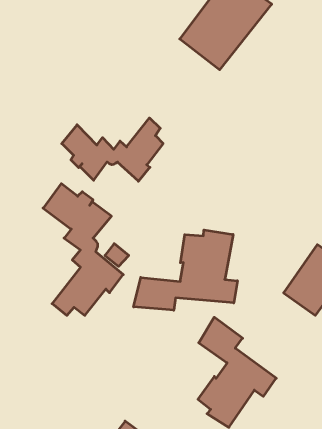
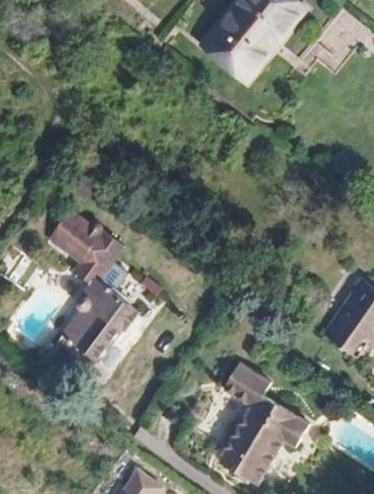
building: [62,118,163,181] -> none
building: [134,230,237,310] -> none

